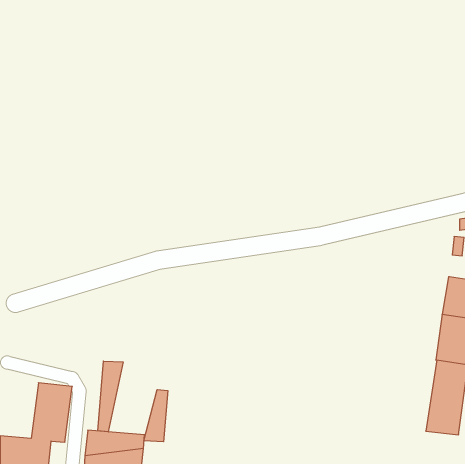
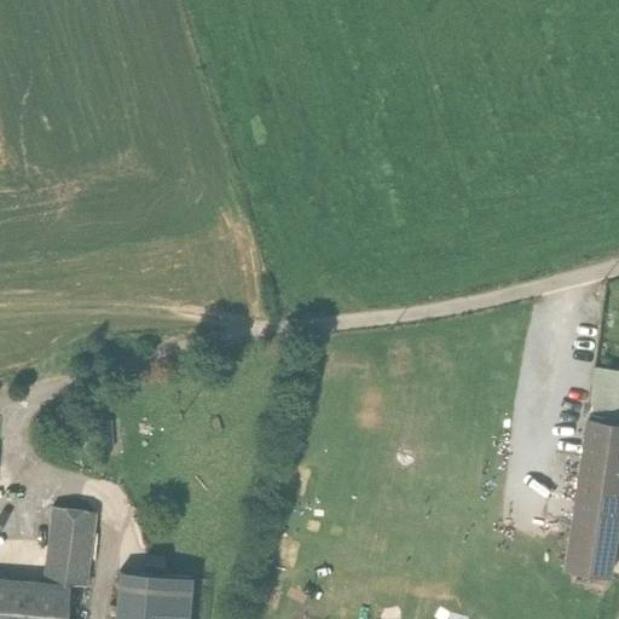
building: [98,361,123,432] -> none
building: [144,390,168,442] -> none

